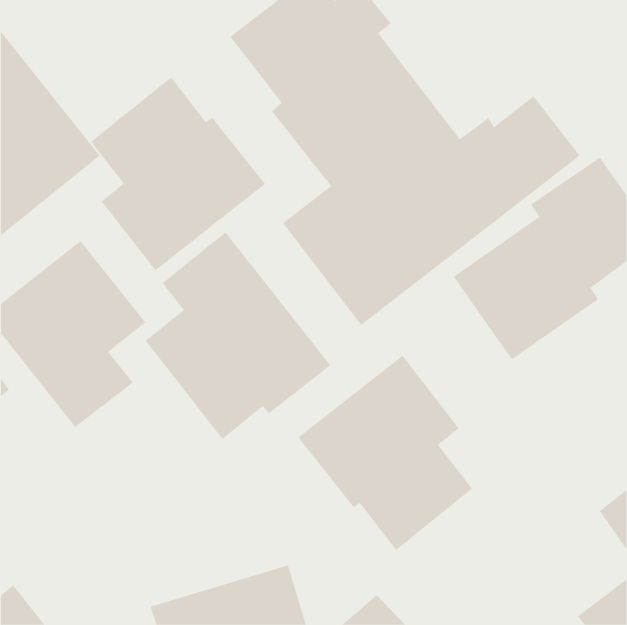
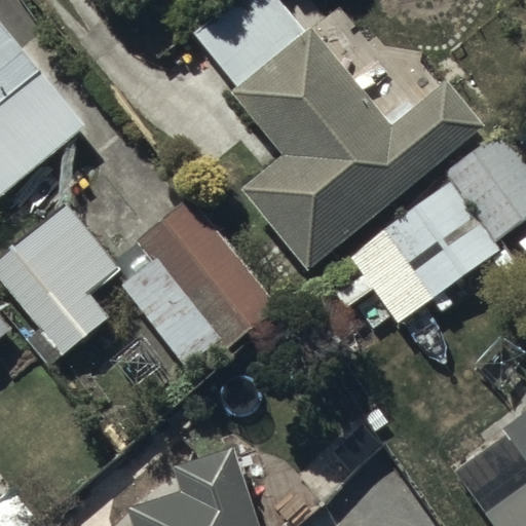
building: [90,76,266,271] -> none
building: [298,355,473,551] -> none

